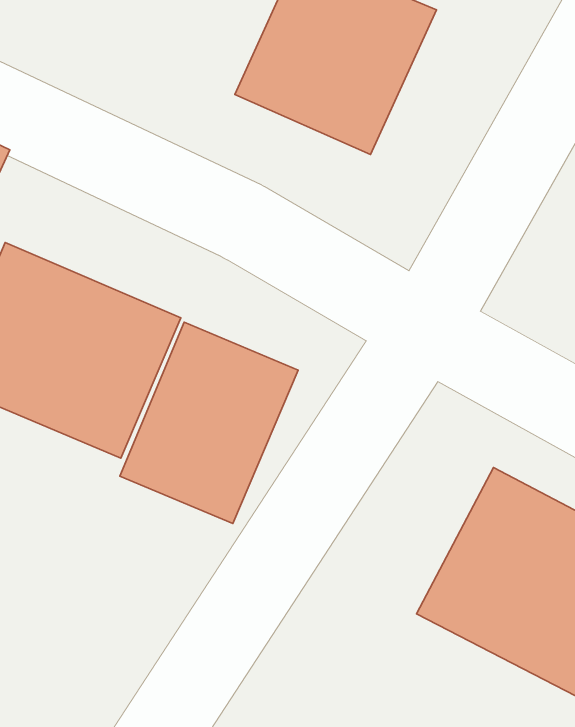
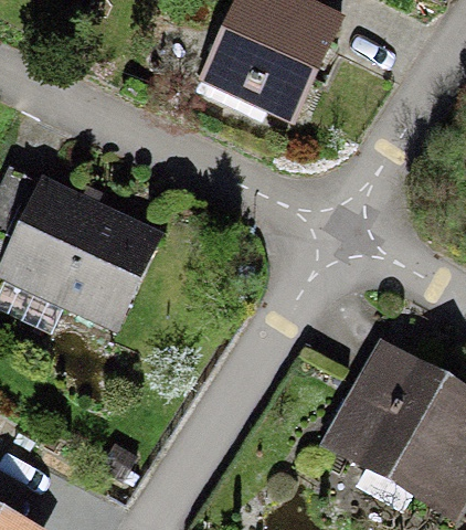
building: [120,322,298,523] -> none

